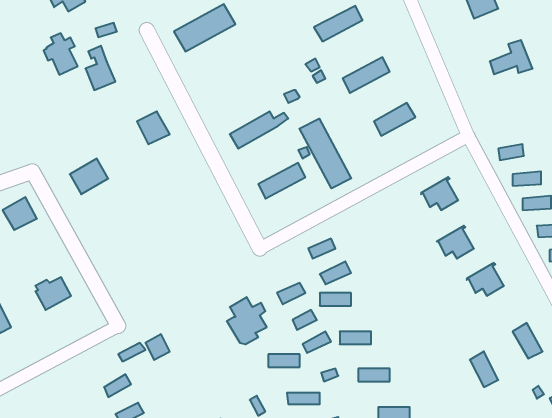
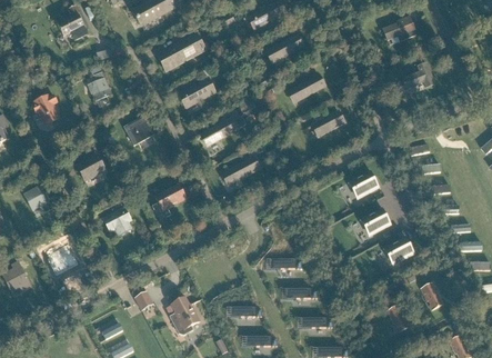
building: [44,33,78,75] -> [32,92,59,125]
building: none -> [179,79,214,109]
building: [299,119,351,188] -> none
building: none -> [154,185,185,211]
building: none -> [103,208,131,236]
building: [227,297,267,344] -> [169,298,200,335]

